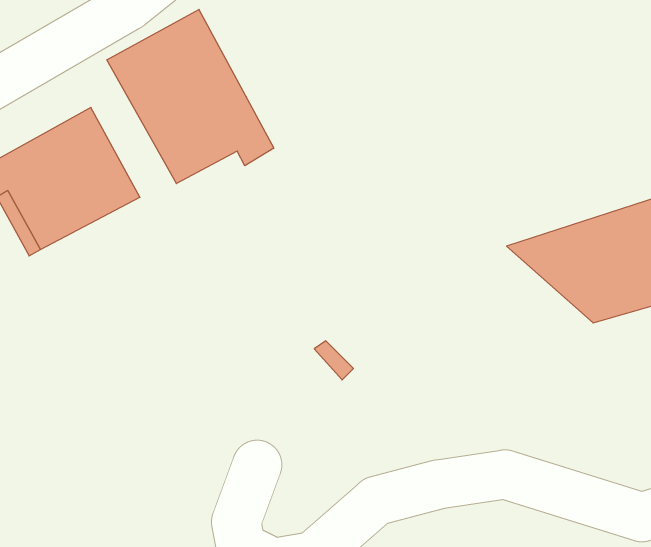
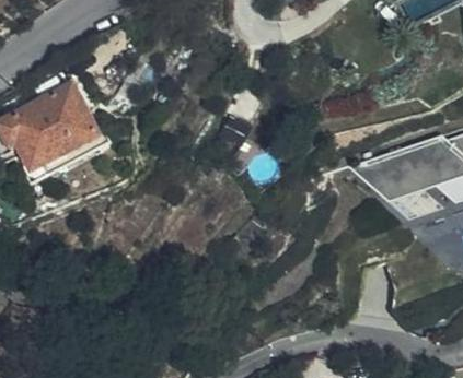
building: [107,9,274,184] -> none

